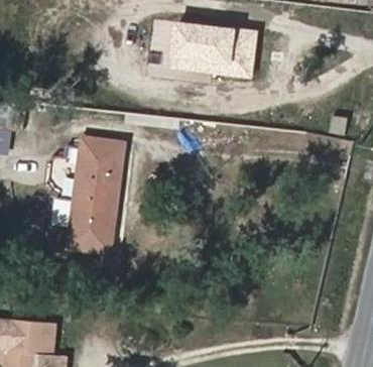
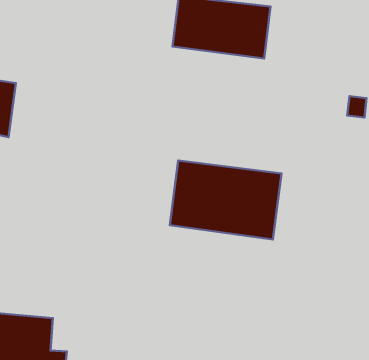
building: [70,136,123,249] -> none
building: none -> [170,161,282,240]

